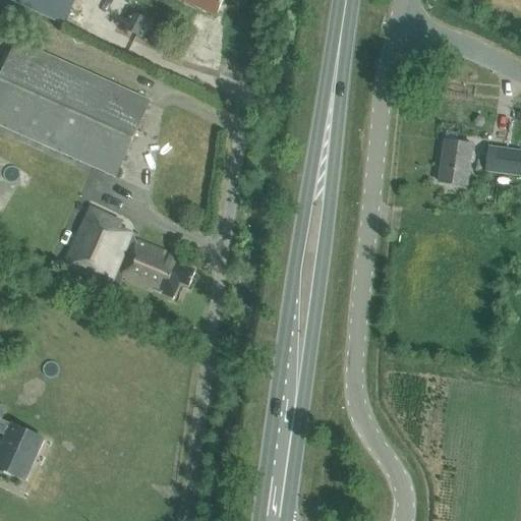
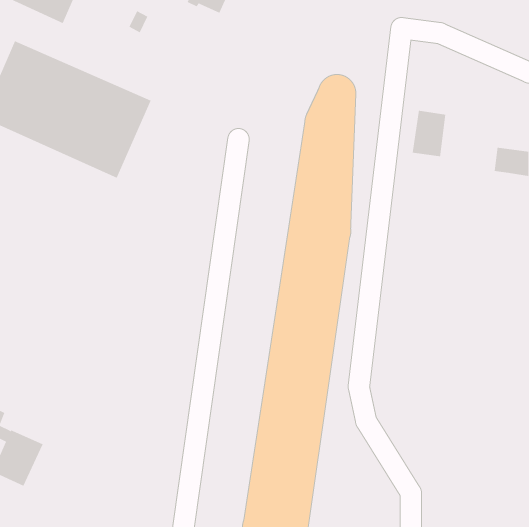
building: [438,137,471,183] -> [412,110,446,157]
building: [62,205,193,296] -> none

